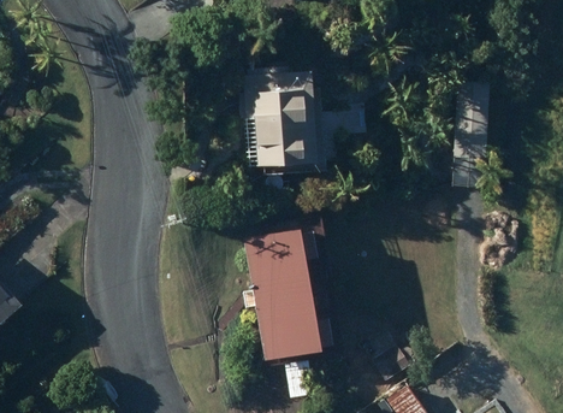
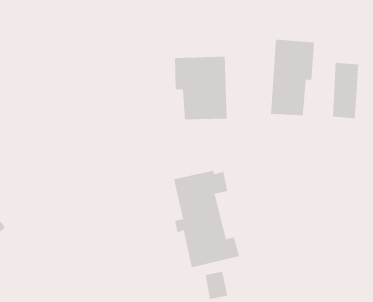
building: none -> [270,39,315,116]

